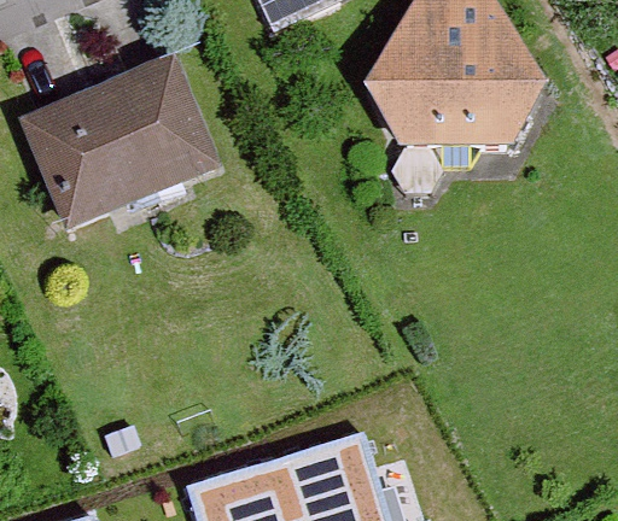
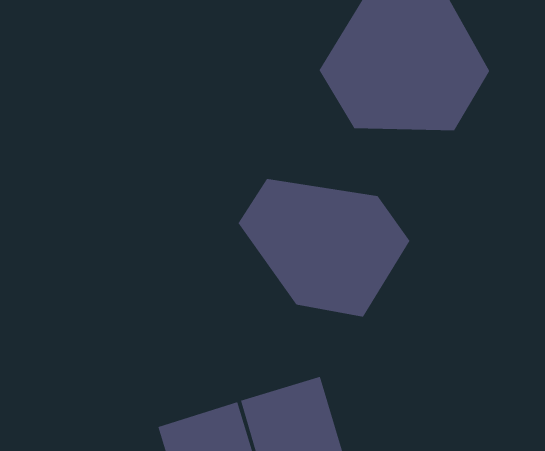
building: [22,52,221,233] -> none
building: none -> [238,178,410,318]

